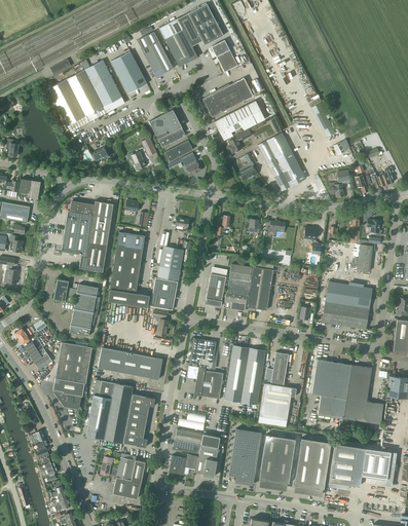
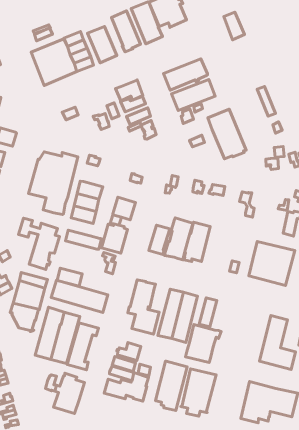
building: [212,40,237,72] -> [224,12,244,40]
building: [110,274,138,293] -> [57,268,82,286]
building: [311,360,351,418] -> none
building: [293,438,330,494] -> none

